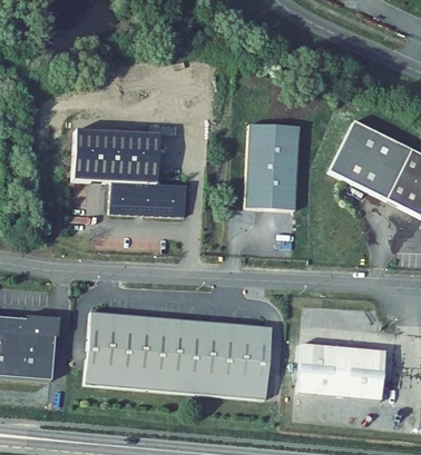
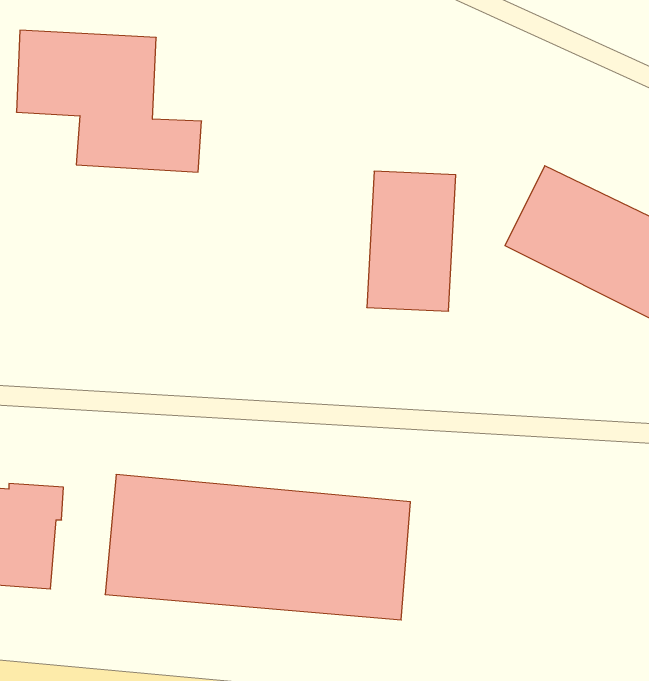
building: [74,129,187,216] -> [16,30,202,172]
building: [297,343,385,400] -> none

